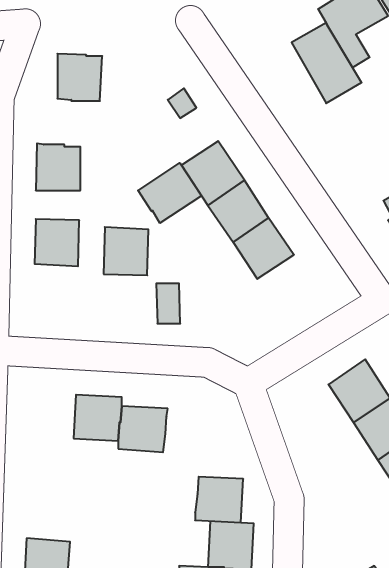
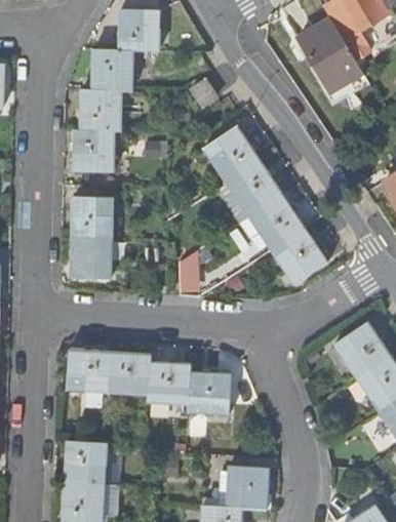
building: none -> [118,8,159,51]
building: none -> [80,88,120,131]
building: [138,163,202,223] -> none
building: [104,227,148,275] -> [71,236,111,279]
building: none -> [271,228,327,284]
building: none -> [66,350,109,392]
building: [195,477,243,523] -> [187,372,230,413]
building: none -> [65,440,106,484]

